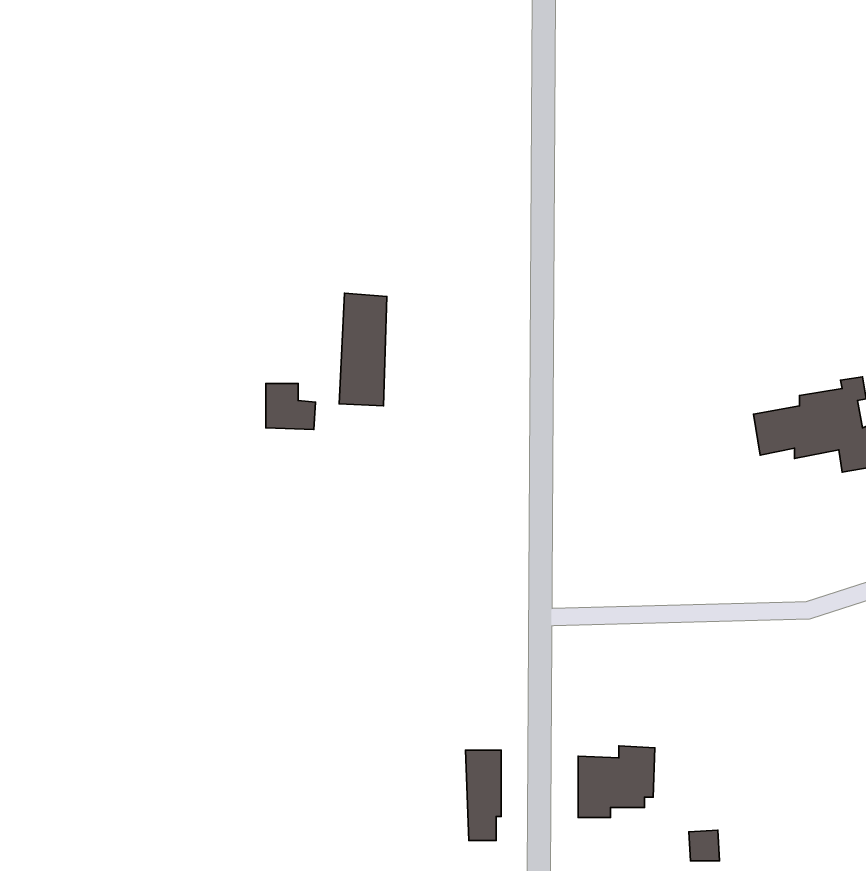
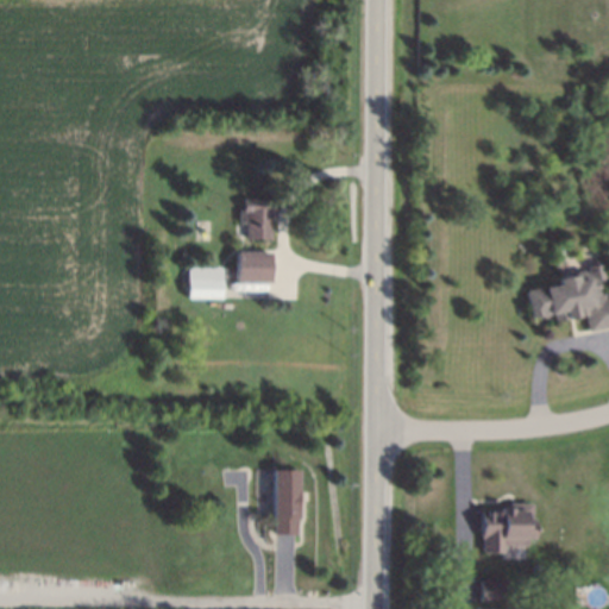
building: [578,746,655,818] -> [485,502,539,552]
building: [465,750,501,840] -> [275,470,300,533]

